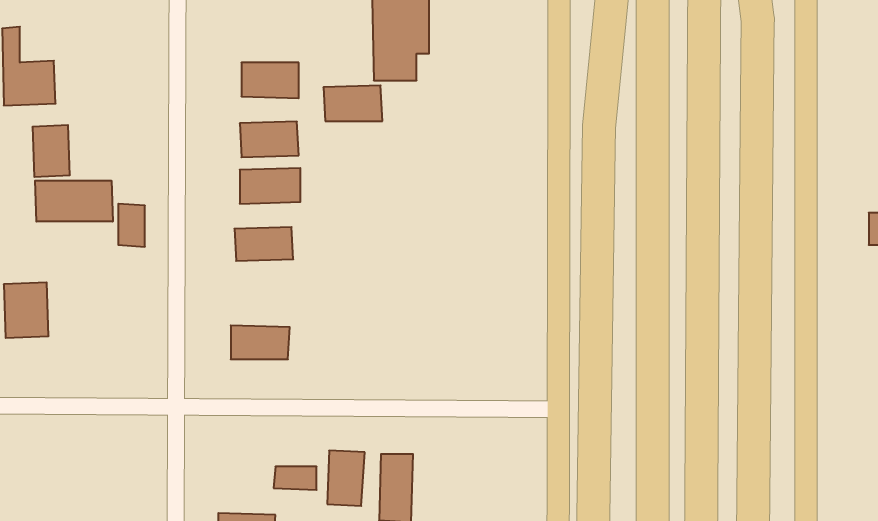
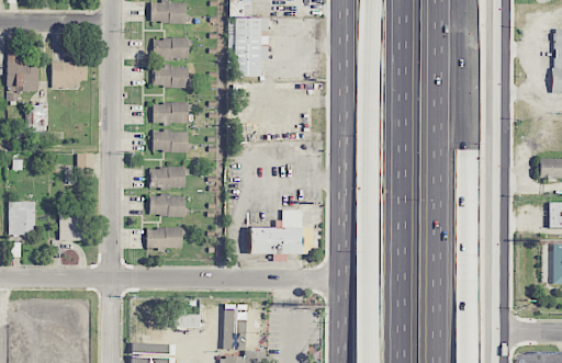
building: none -> [52,61,88,88]
building: [323,85,382,121] -> [153,37,189,59]
building: [35,181,113,222] -> none
building: none -> [150,195,186,216]
building: none -> [59,208,86,240]
building: none -> [249,208,311,254]

